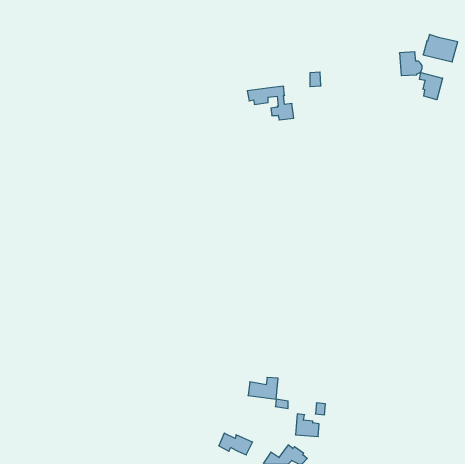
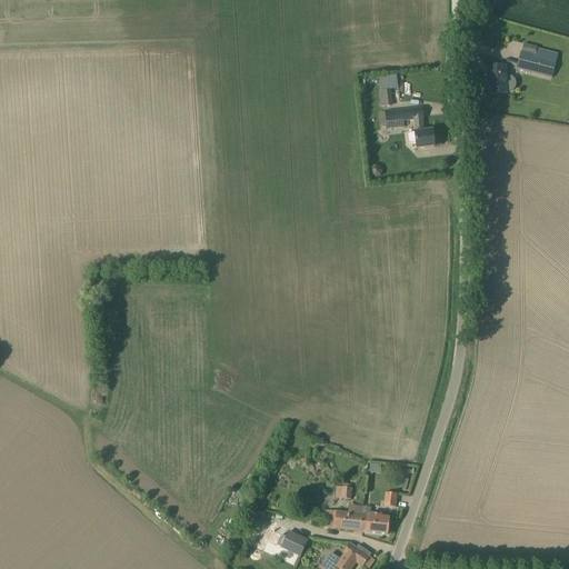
building: [419,72,443,100] -> none
building: [247,86,294,120] -> [379,106,436,147]
building: [248,377,278,399] -> [327,503,363,530]

